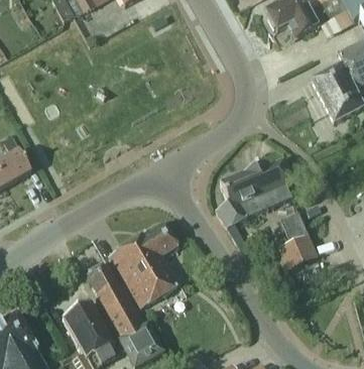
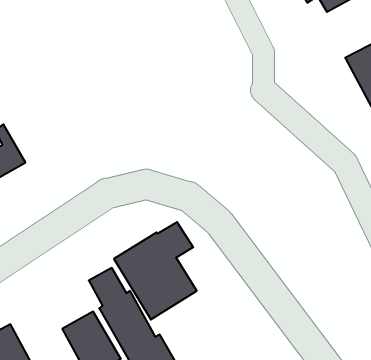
building: [215,159,291,227] -> none
building: [276,211,316,268] -> none

